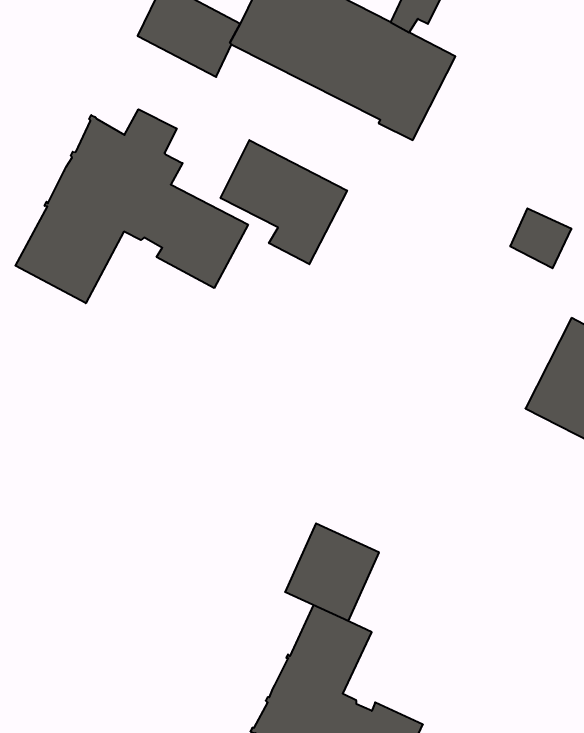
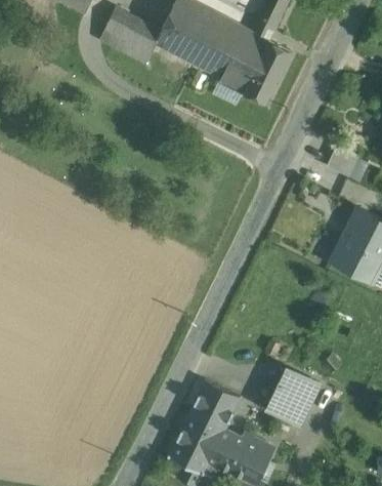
building: [15,109,248,303] -> none
building: [221,140,347,264] -> none
building: [285,523,379,621] -> [266,366,323,424]

